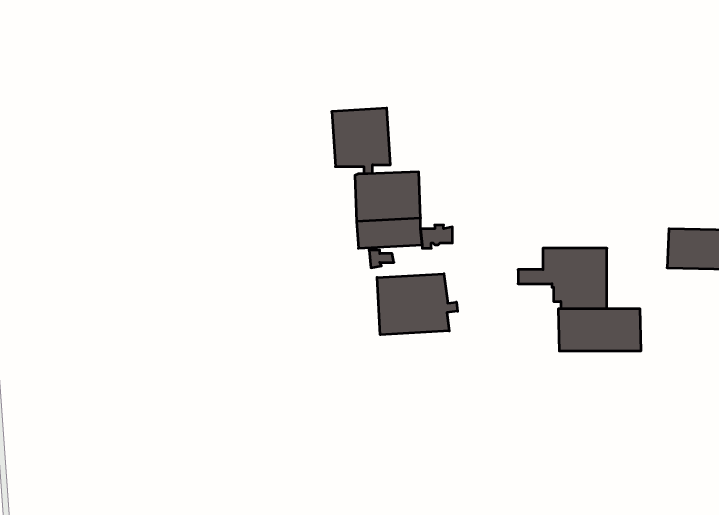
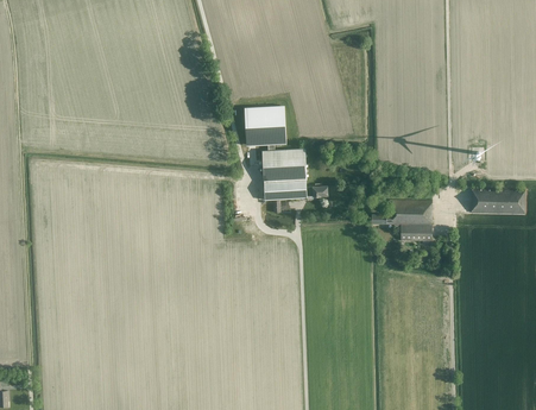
building: [377,274,458,335] -> none
building: [559,309,641,351] -> none

